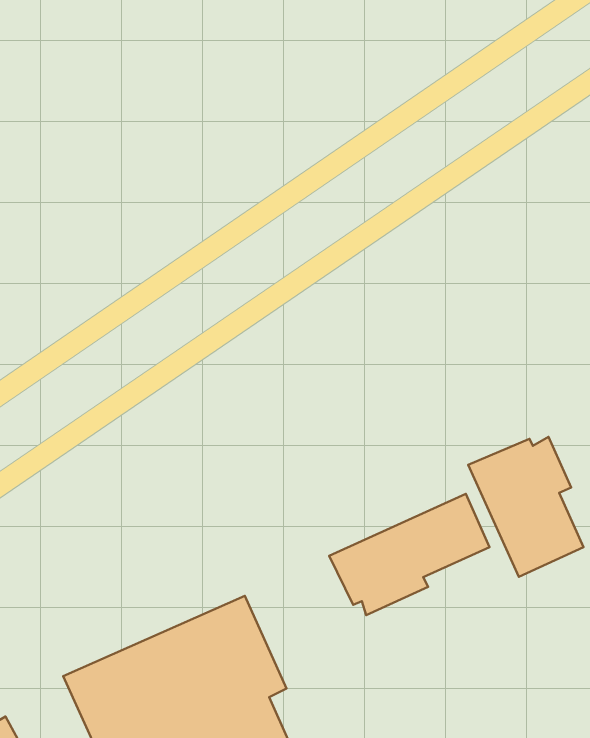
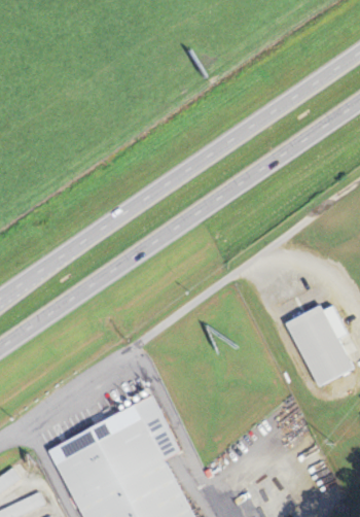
building: [329,494,489,615] -> none

